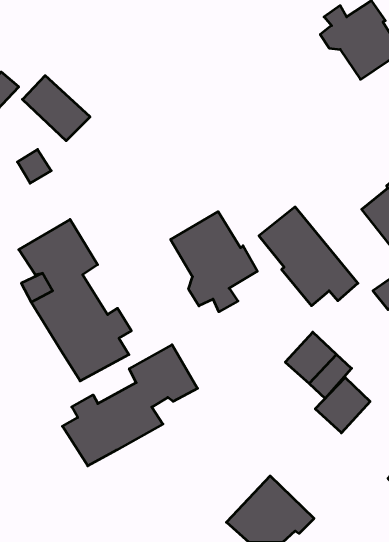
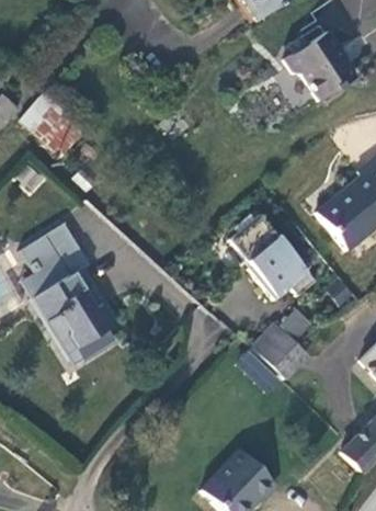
building: [171,212,257,312] -> none
building: [62,345,198,466] -> none
building: [315,377,370,433] -> none

